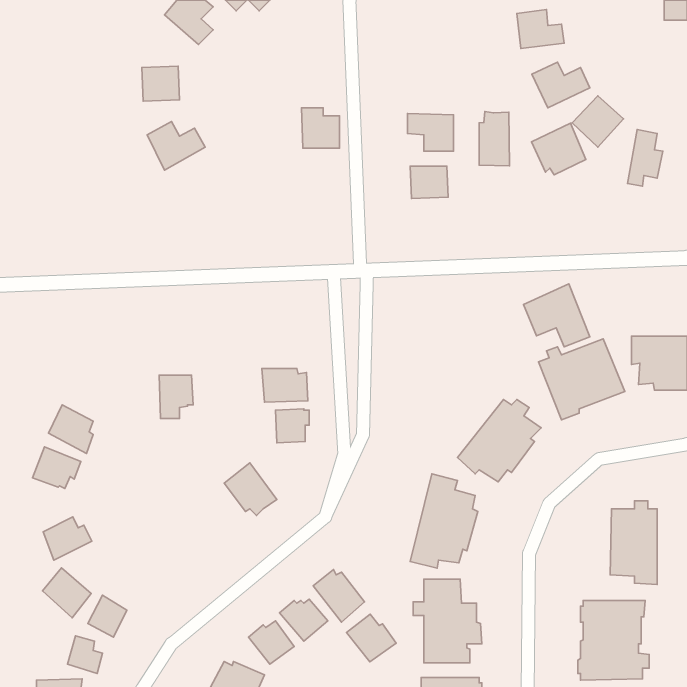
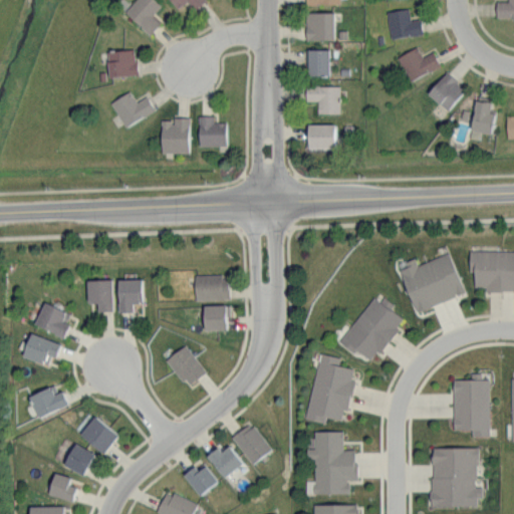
building: none -> [303,13,332,41]
building: none -> [305,50,327,76]
building: [302,108,339,148] -> [196,116,224,147]
building: [479,111,509,166] -> none
building: [531,123,586,175] -> none
building: none -> [159,118,187,154]
building: [524,284,590,347] -> none
building: none -> [87,281,113,312]
building: [43,568,91,618] -> [82,418,118,455]
building: [347,614,396,662] -> none

